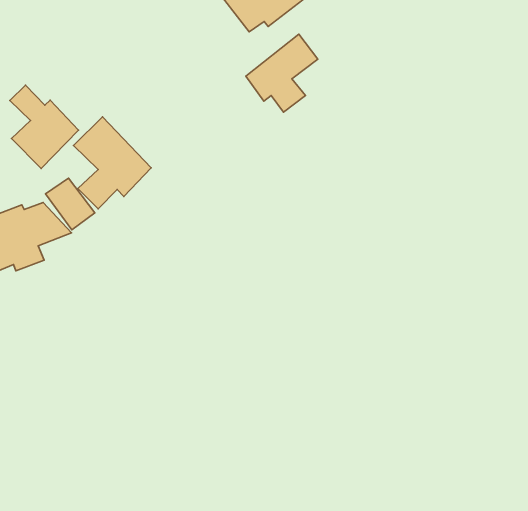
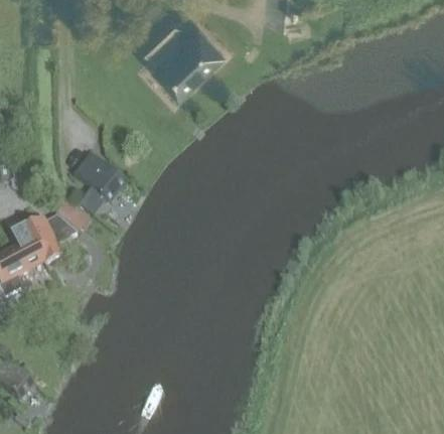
building: [246,34,318,112] -> none
building: [10,85,79,168] -> none

